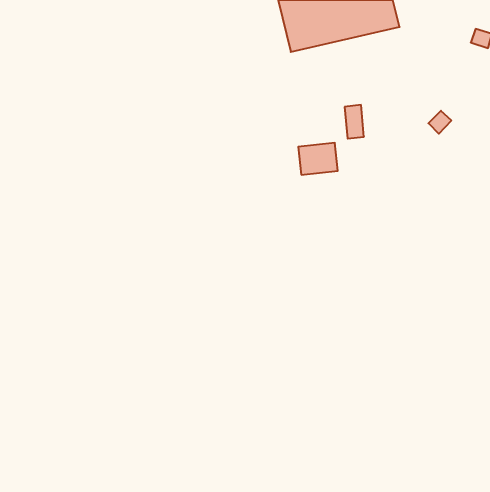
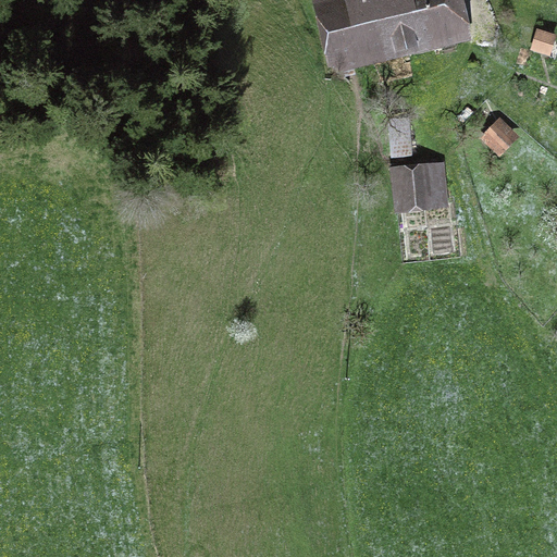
building: [298,143,338,175] -> [401,170,446,206]

